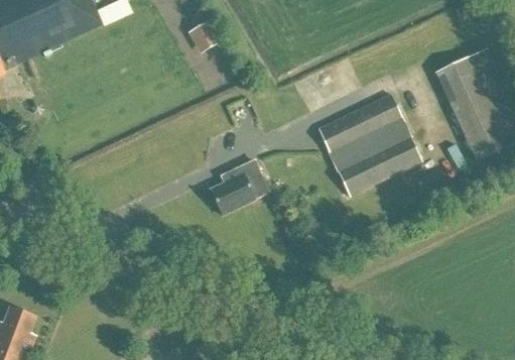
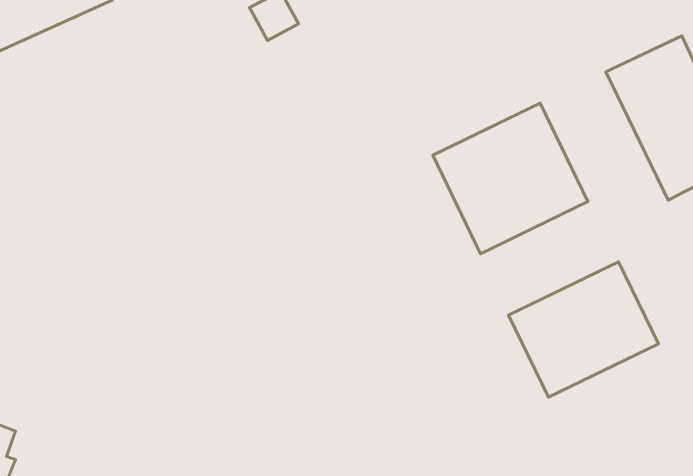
building: [209,160,268,215] -> none
building: none -> [509,262,658,397]

